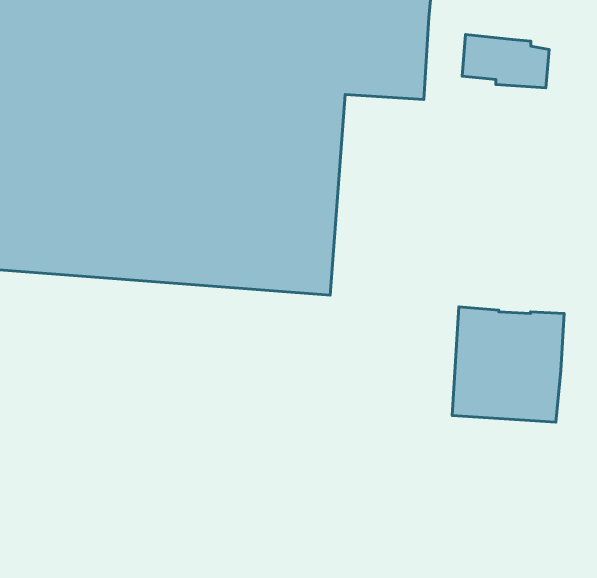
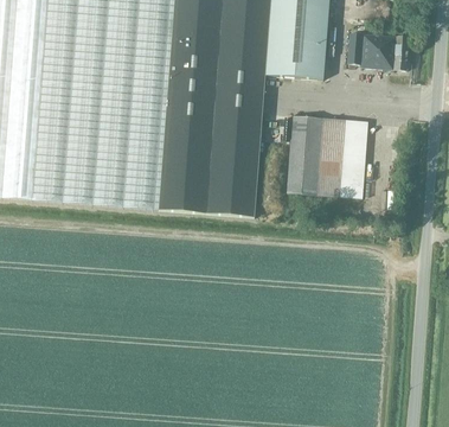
building: [452,307,564,422] -> [289,116,368,198]

